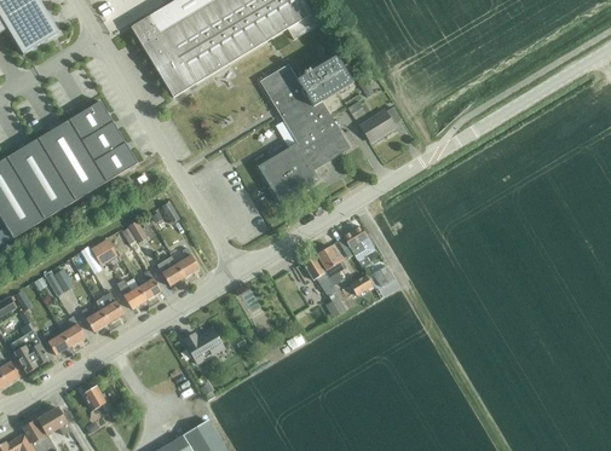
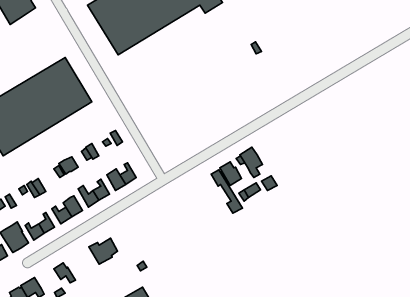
building: [258,53,357,203] -> none
building: [359,111,394,141] -> none
building: [183,326,223,363] -> [89,238,118,264]

